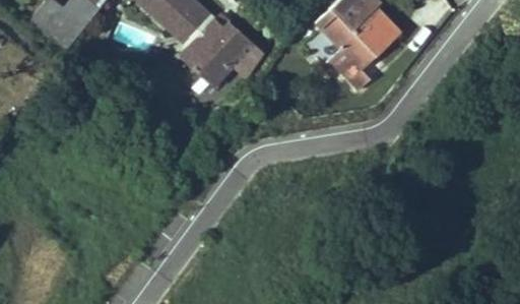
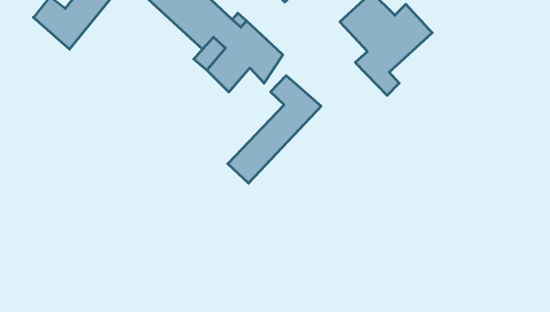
building: none -> [228,76,321,183]

